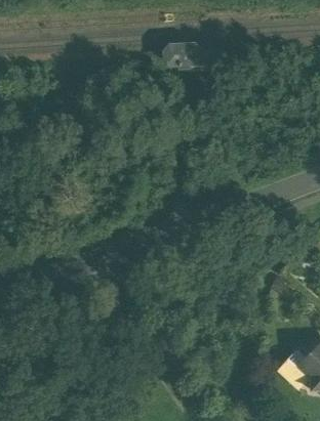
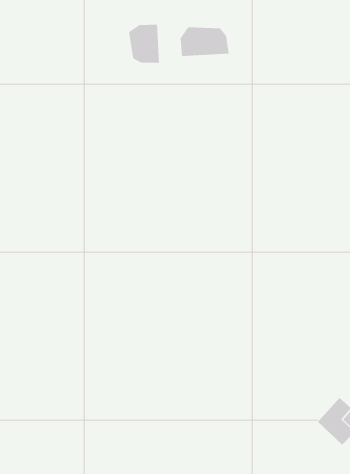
building: none -> [128,24,159,63]

